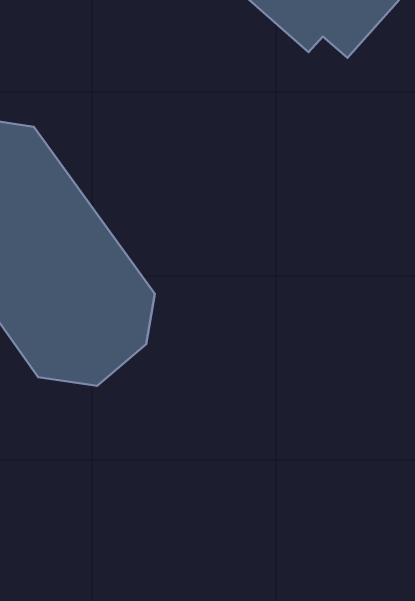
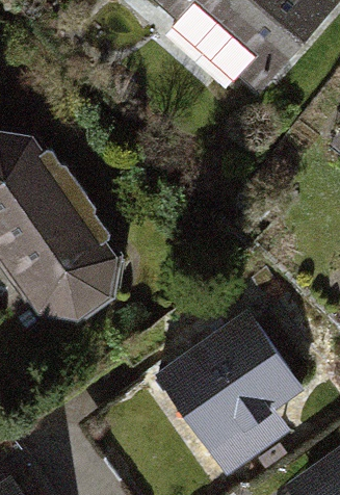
building: none -> [165,318,294,442]

